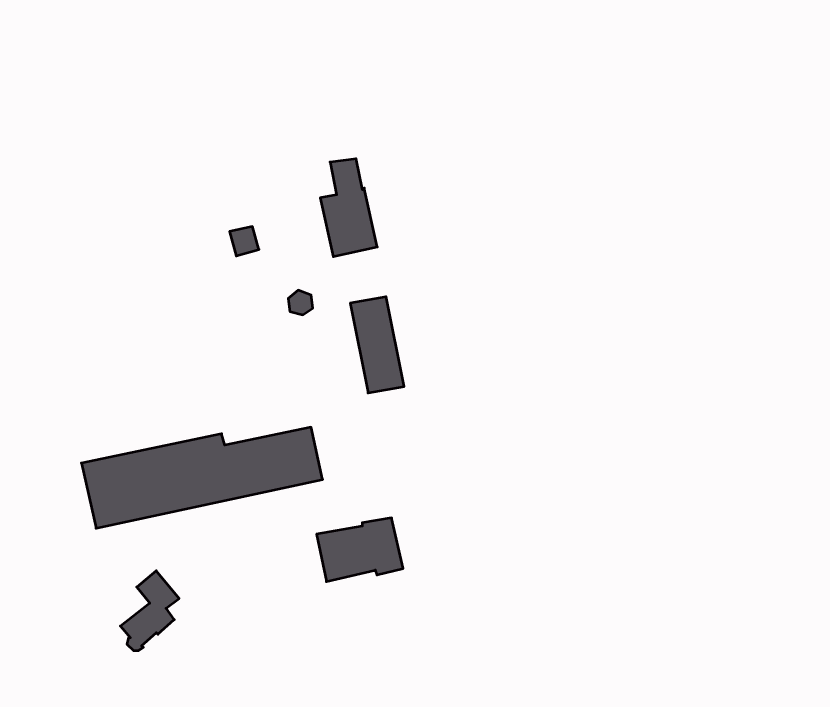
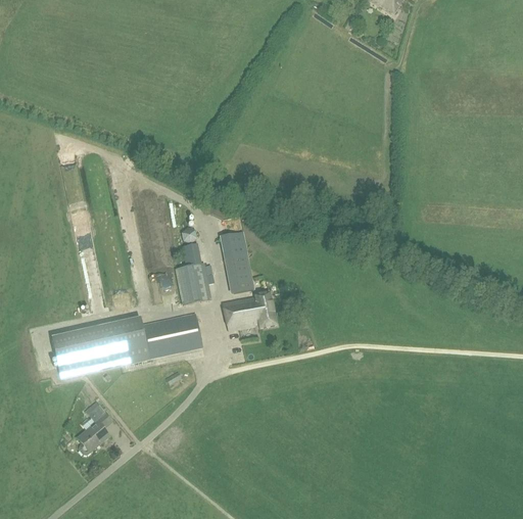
building: [320,159,377,257] -> [175,243,210,304]
building: [317,518,403,582] -> [222,291,276,331]

